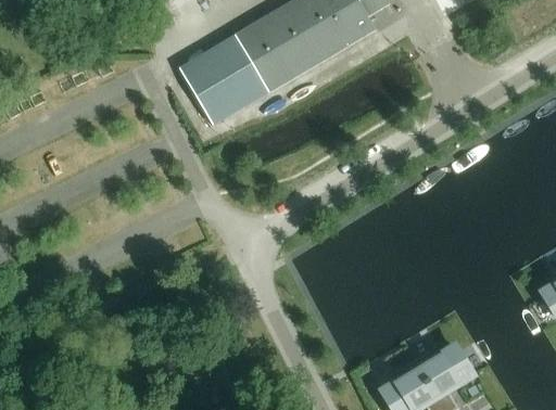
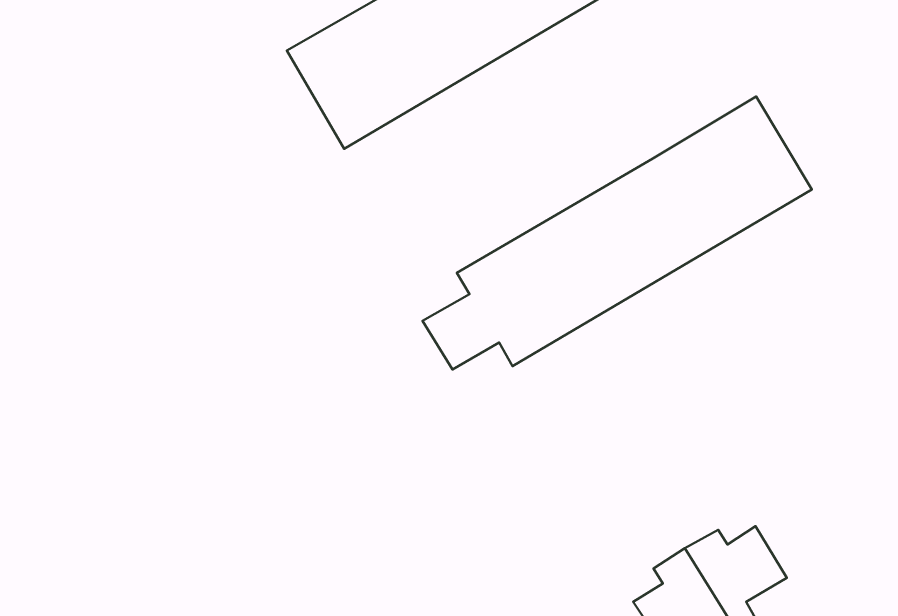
building: none -> [423,96,812,370]

